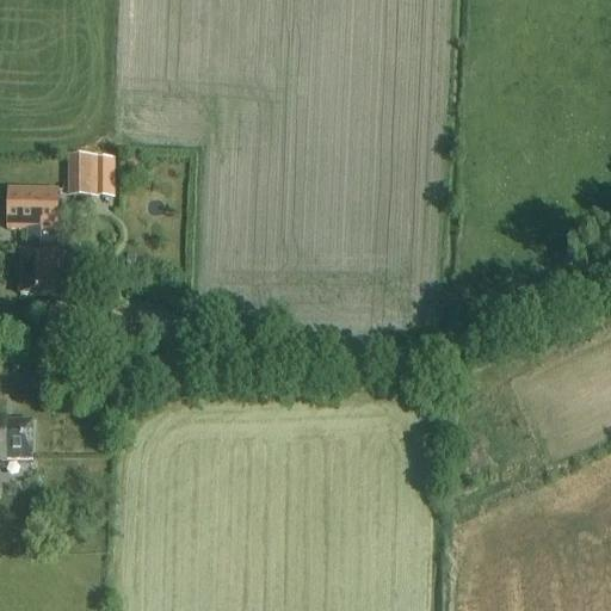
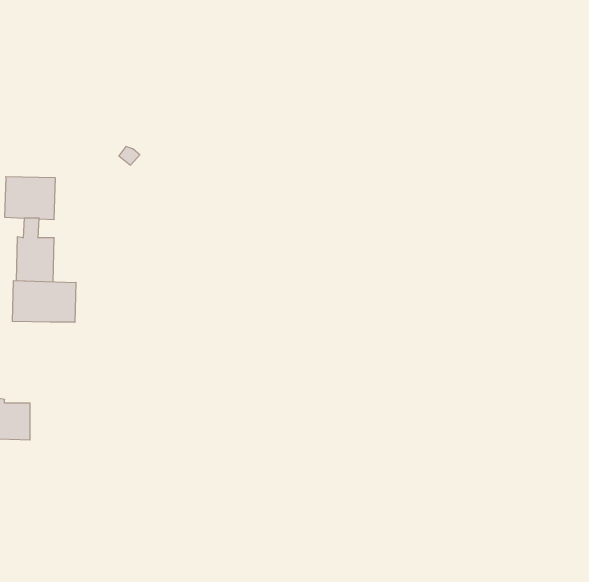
building: [66,153,115,193] -> none
building: none -> [12,281,76,322]

